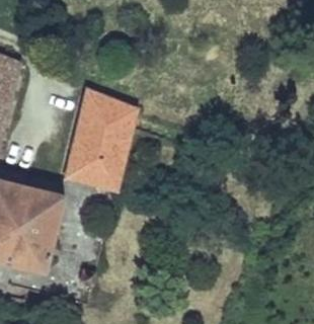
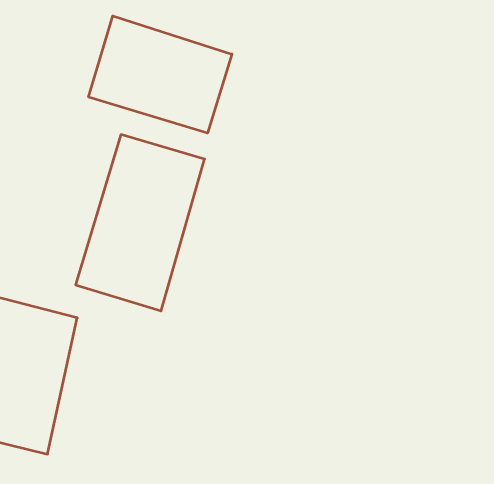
building: none -> [89,16,232,133]

